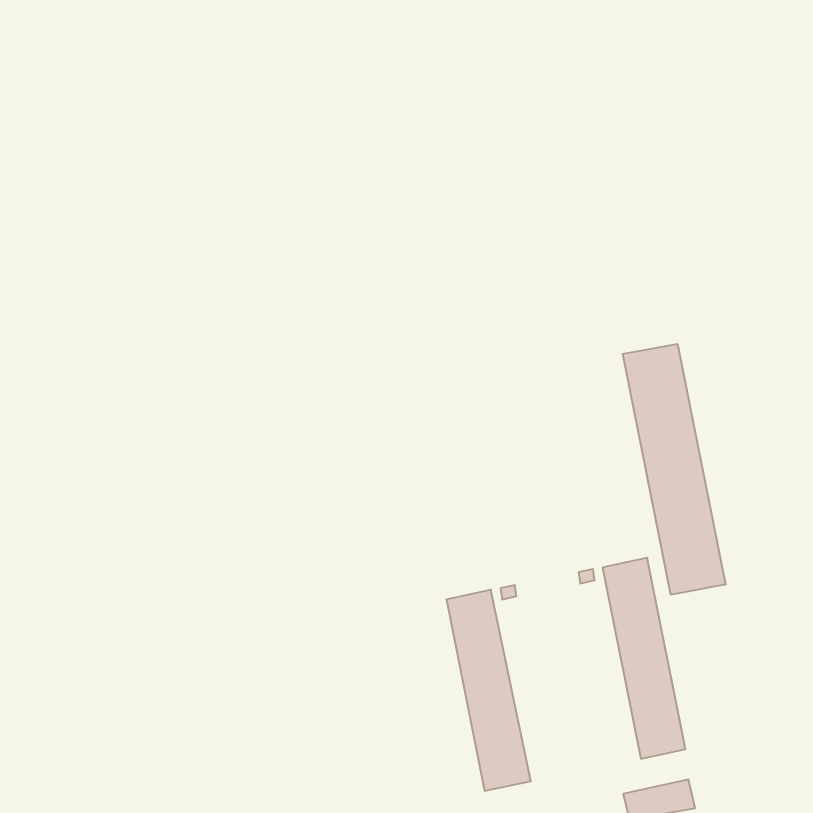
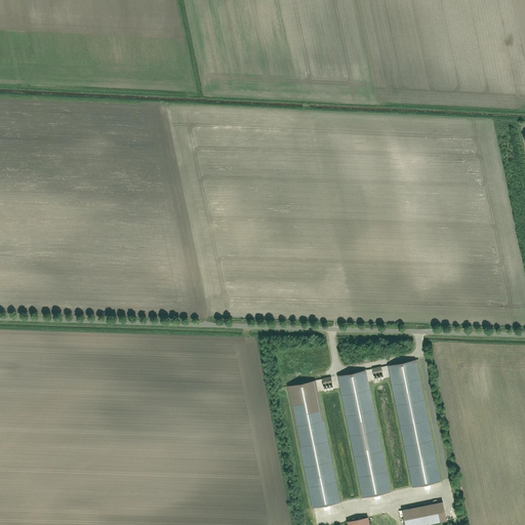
building: [623,344,726,595] -> none
building: none -> [337,370,390,499]

